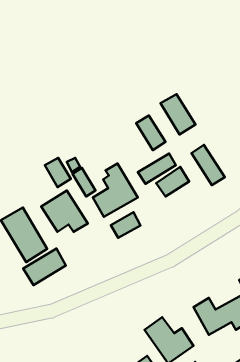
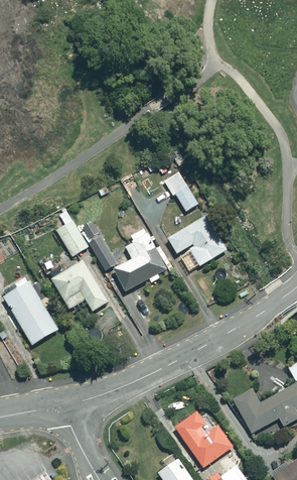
building: [161,94,195,134] -> none
building: [192,145,225,185] -> none
building: [111,212,141,238] -> none
building: [23,249,66,285] -> none

